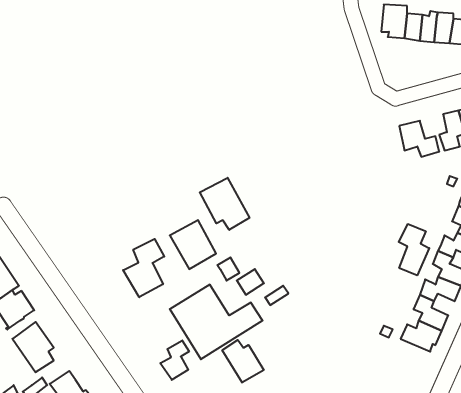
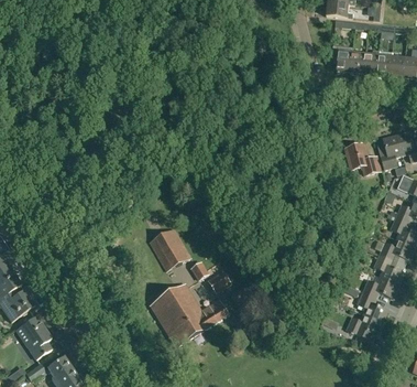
building: [200,178,249,230] -> none
building: [399,224,429,275] -> none
building: [123,239,164,297] -> none
building: [222,340,264,383] -> none
building: [160,340,189,380] -> none

